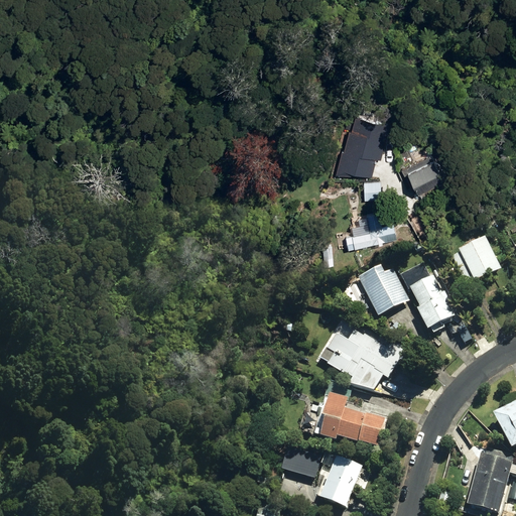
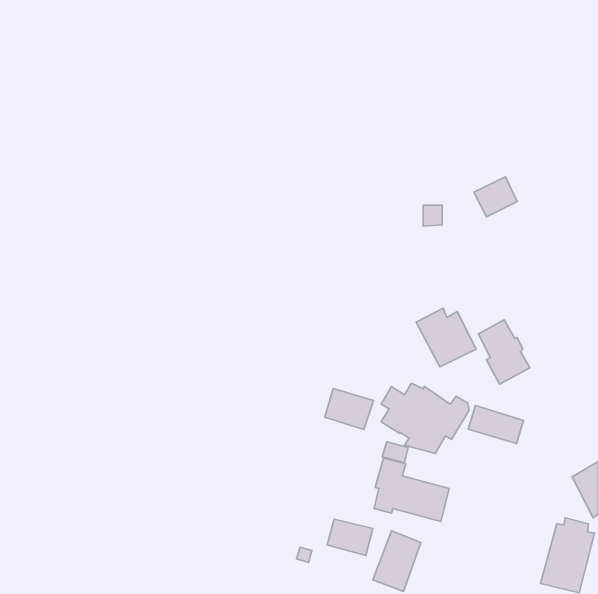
building: [336,114,390,172] -> none
building: [352,207,385,242] -> none
building: [460,236,501,281] -> none
building: none -> [325,389,374,429]
building: none -> [468,405,523,444]

